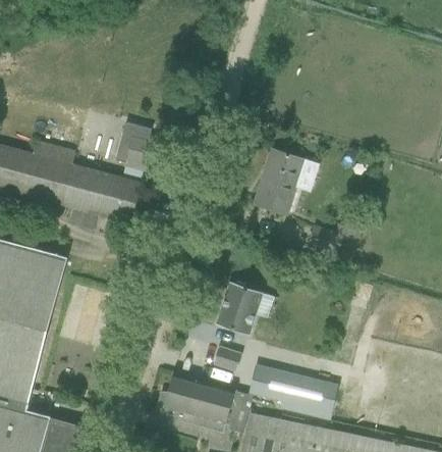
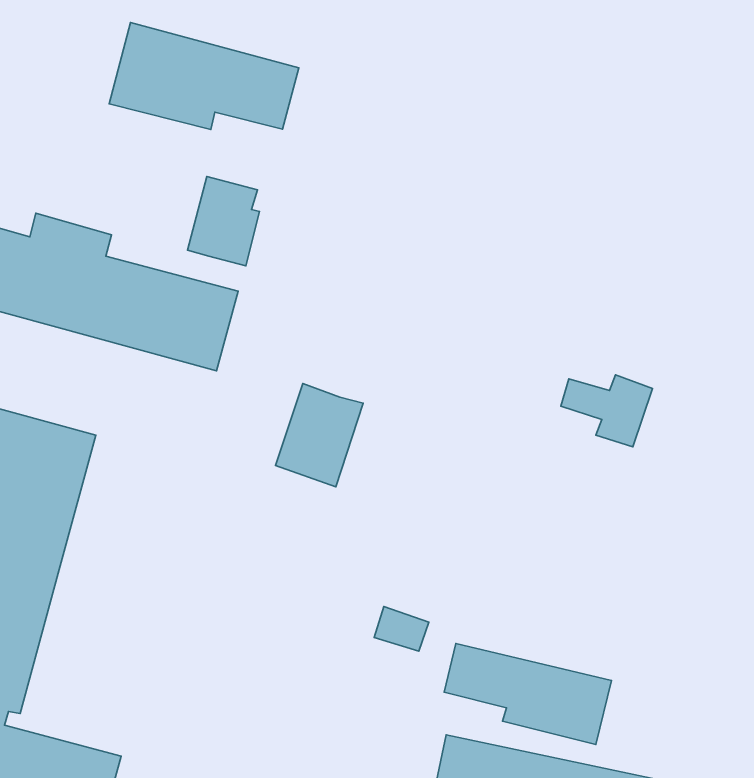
building: none -> [109,23,299,130]
building: [256,150,305,214] -> none
building: [216,282,262,336] -> [276,384,363,487]
building: [156,373,253,433] -> none

